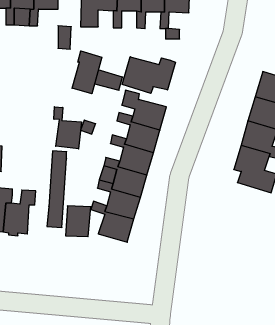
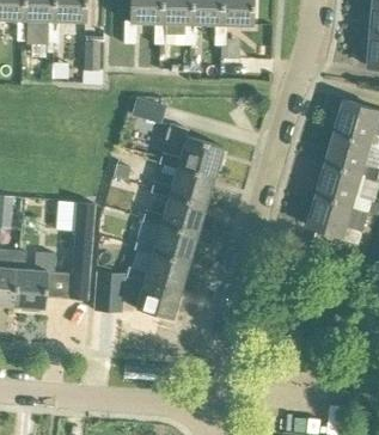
building: [72,51,102,94] -> none
building: [122,57,175,93] -> none
building: [54,107,81,149] -> none

